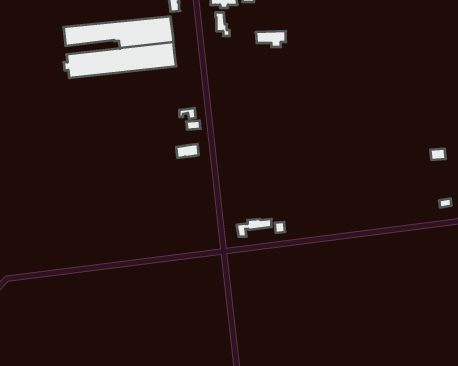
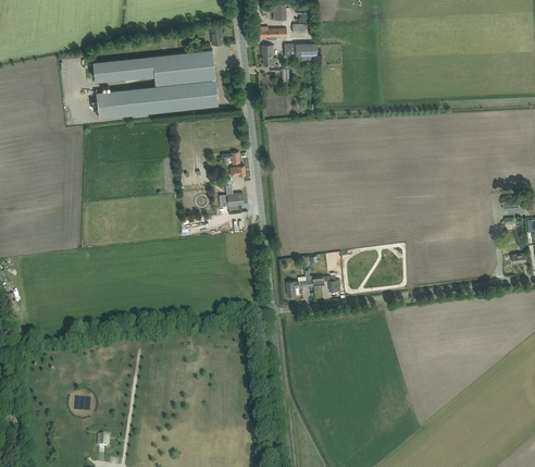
building: [256,31,286,47] -> [284,44,318,61]

